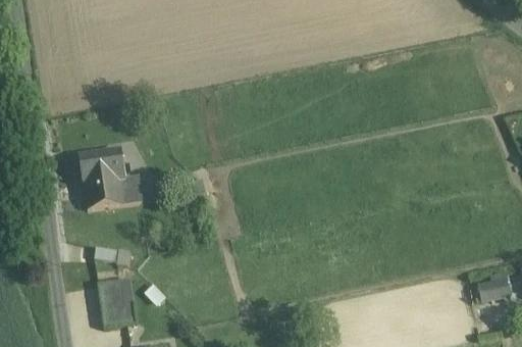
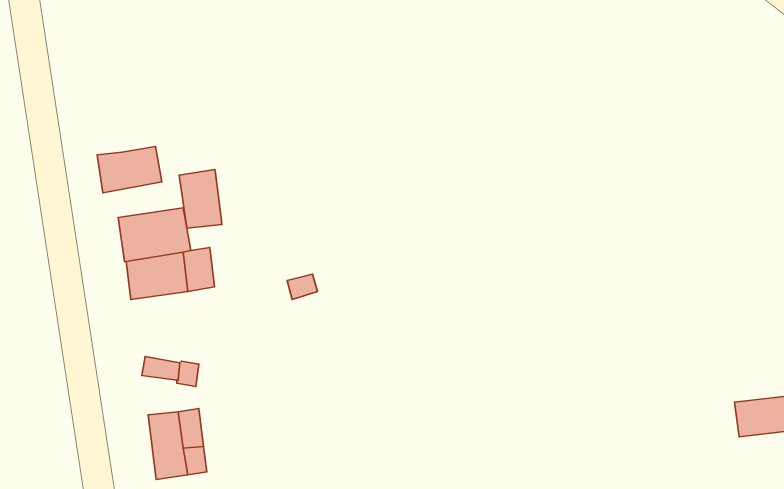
building: none -> [97,146,162,193]
building: none -> [179,170,222,228]

